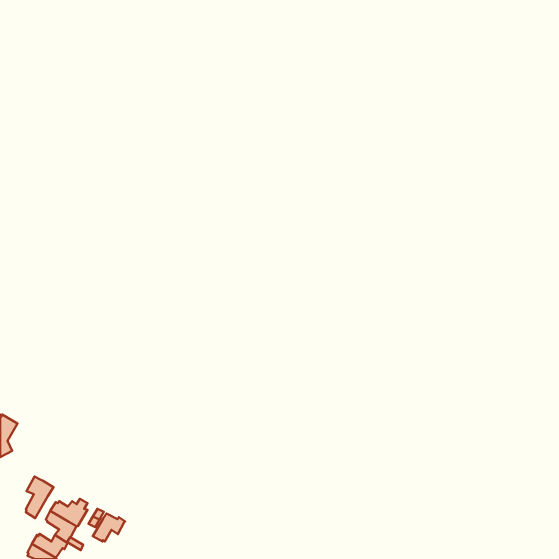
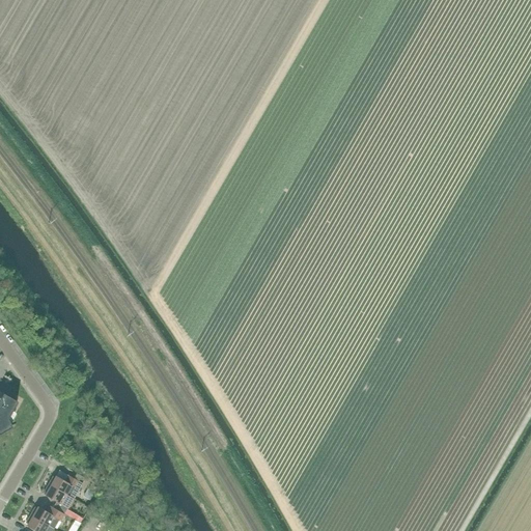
building: [26,476,53,518] -> none
building: [93,513,125,542] -> none

